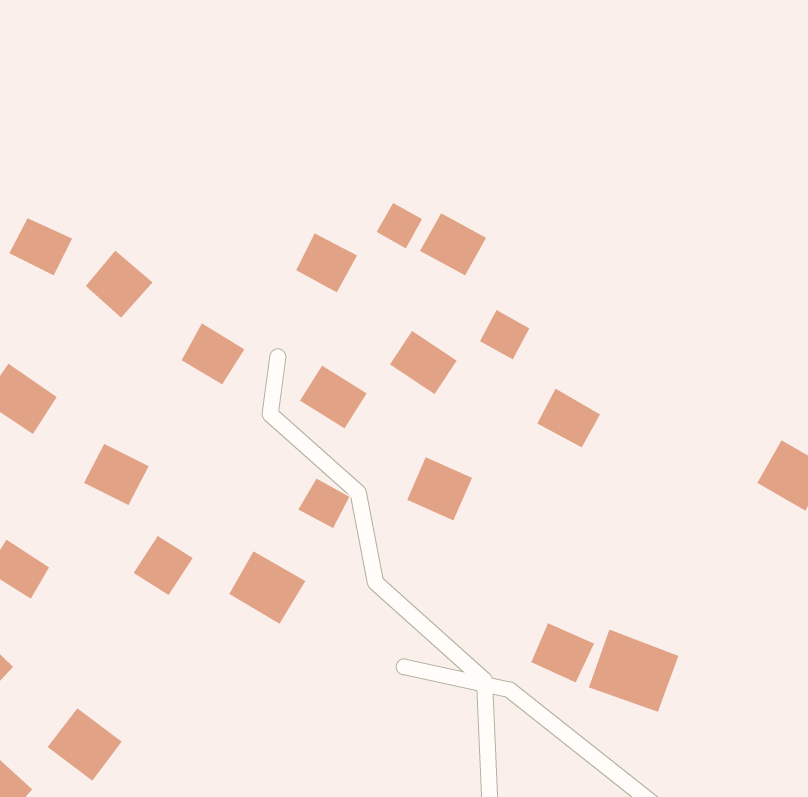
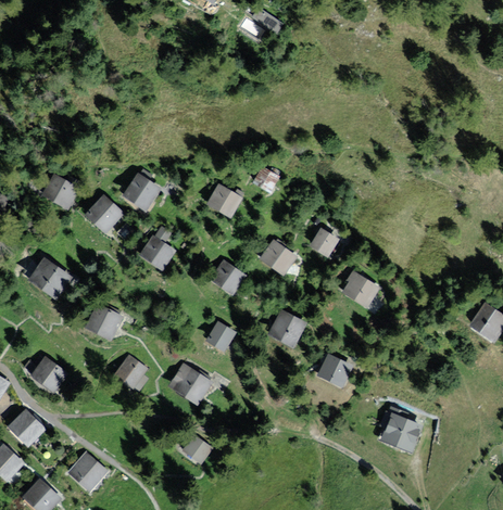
building: none -> [125,171,163,209]
building: [419,212,487,277] -> none
building: [530,622,595,683] -> [318,353,355,387]
building: none -> [181,436,211,464]

